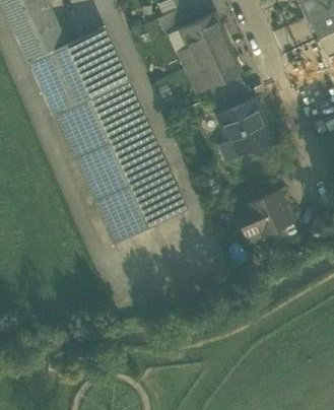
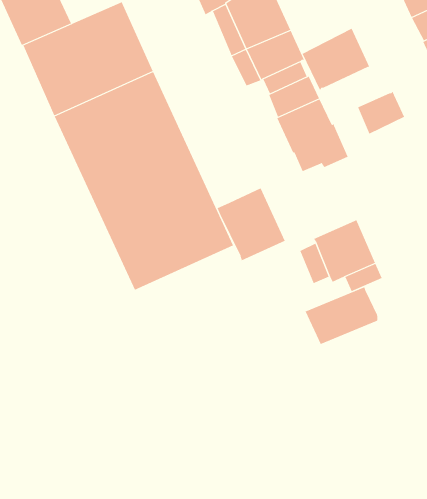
building: none -> [302,28,370,91]
building: none -> [357,91,405,134]
building: none -> [217,188,285,261]
building: none -> [305,286,378,345]

